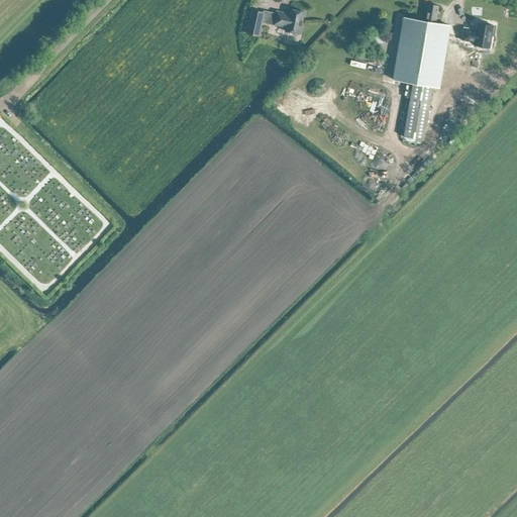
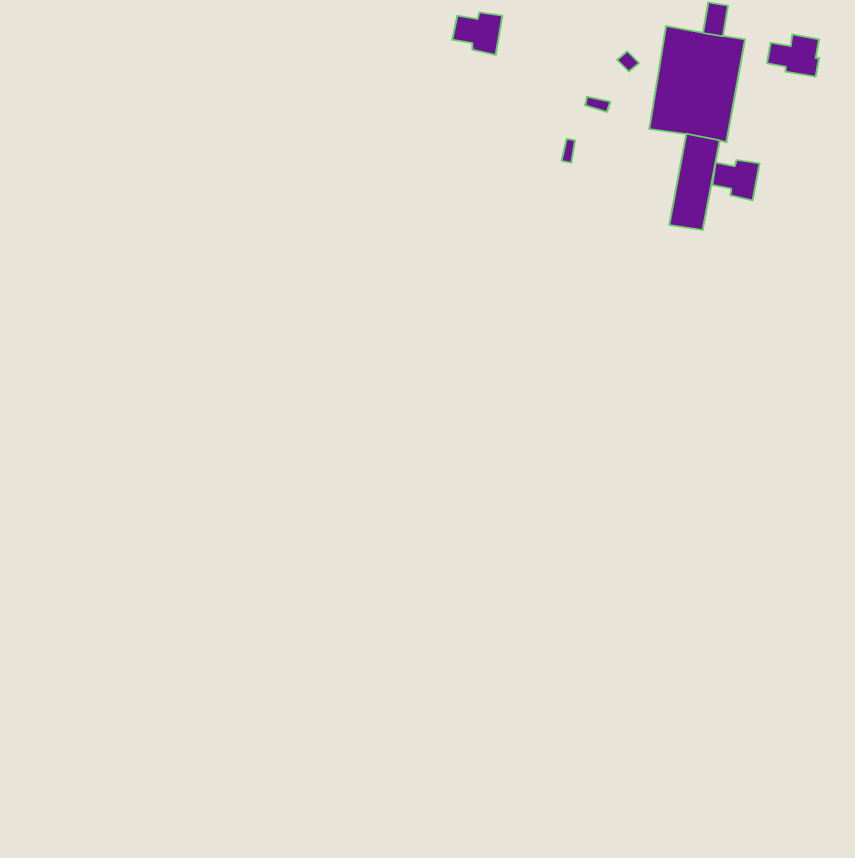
building: [245,9,265,36] -> none
building: none -> [712,160,759,200]

